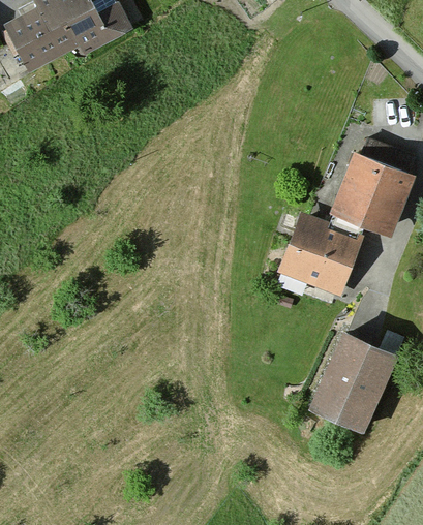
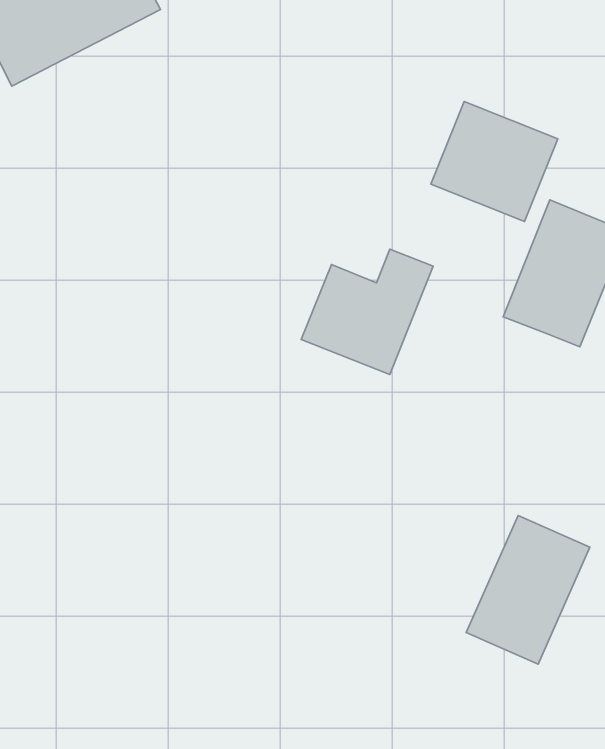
building: none -> [431,101,558,222]
building: [281,214,363,291] -> [301,249,433,375]

